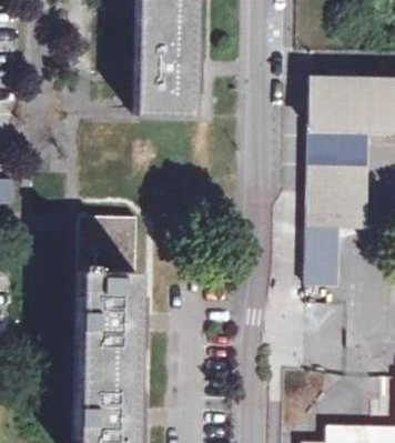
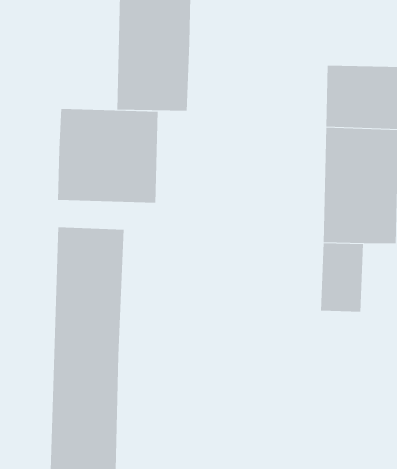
building: none -> [58,108,158,203]

